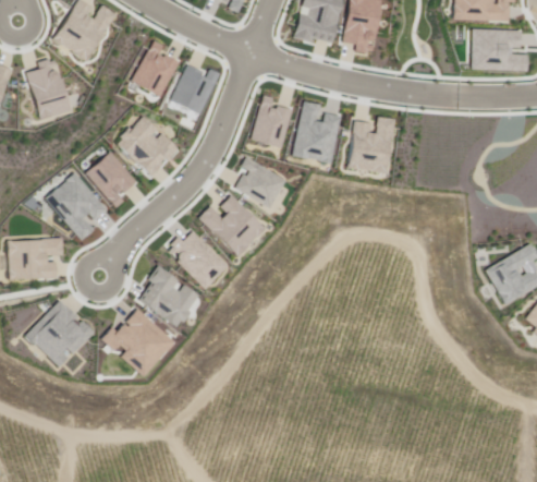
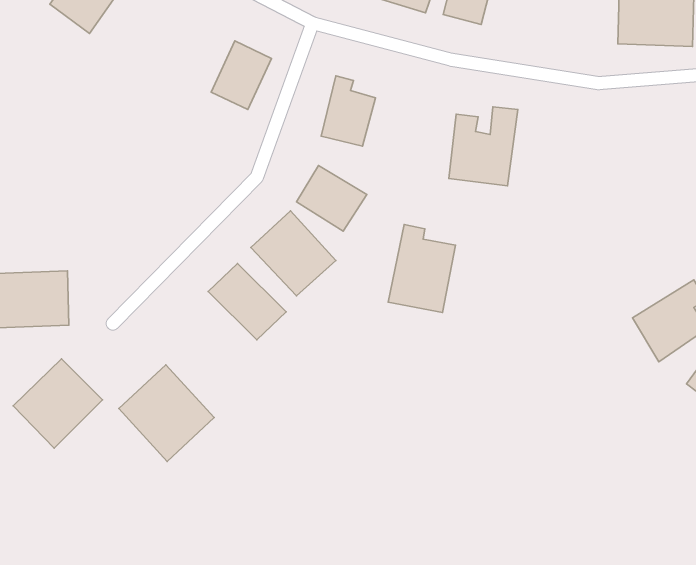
building: [131,44,183,98] -> none
building: [25,60,73,120] -> none
building: [291,99,341,165] -> [388,225,456,312]
building: [121,115,183,176] -> none
building: [88,152,139,205] -> none
building: [44,170,113,241] -> none
building: [141,269,199,326] -> none

